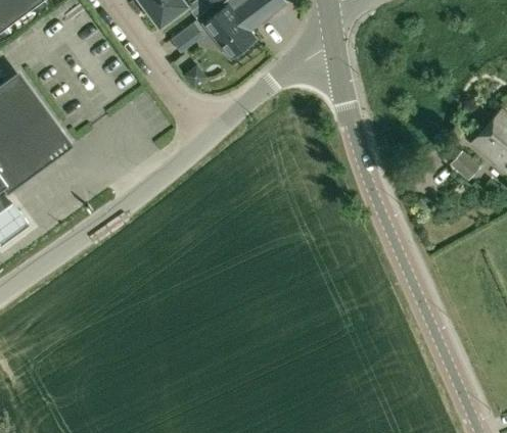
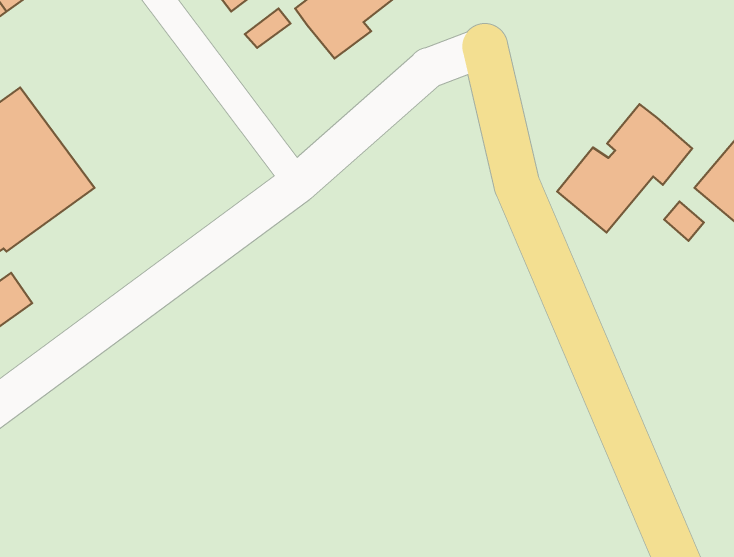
building: none -> [557,104,692,233]

